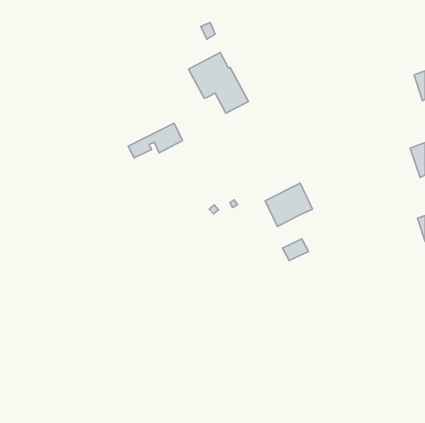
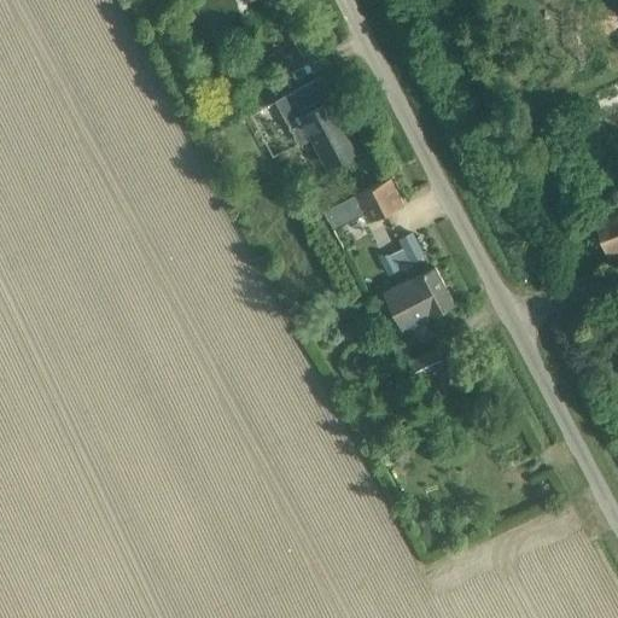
building: [128,123,182,158] -> [323,180,402,231]
building: none -> [377,235,424,279]

